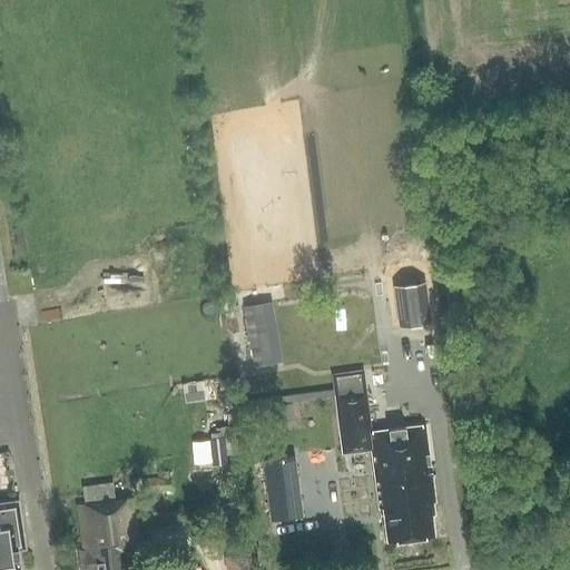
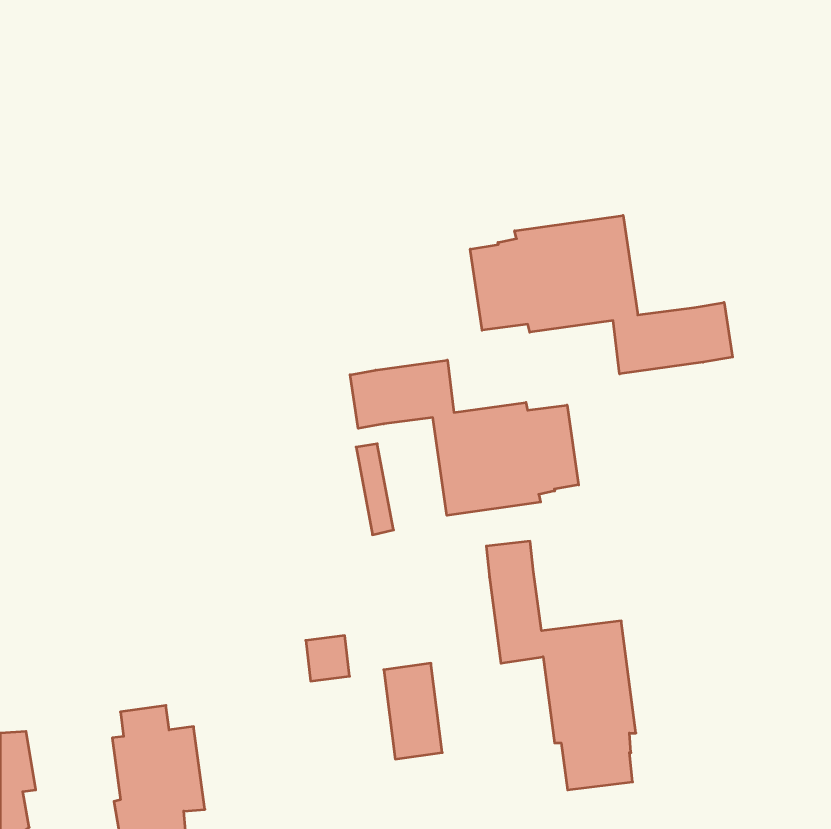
building: none -> [470,215,733,374]
building: none -> [350,360,579,515]
building: [394,284,431,328] -> none

